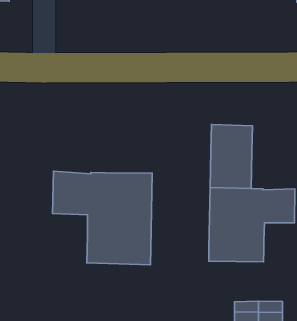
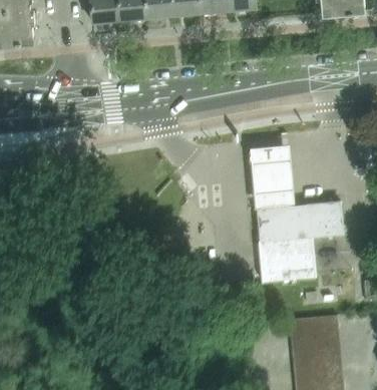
building: [53,171,152,265] -> none

